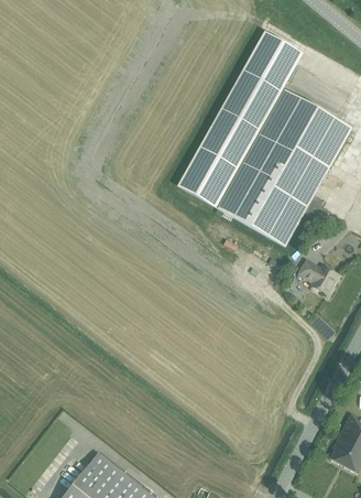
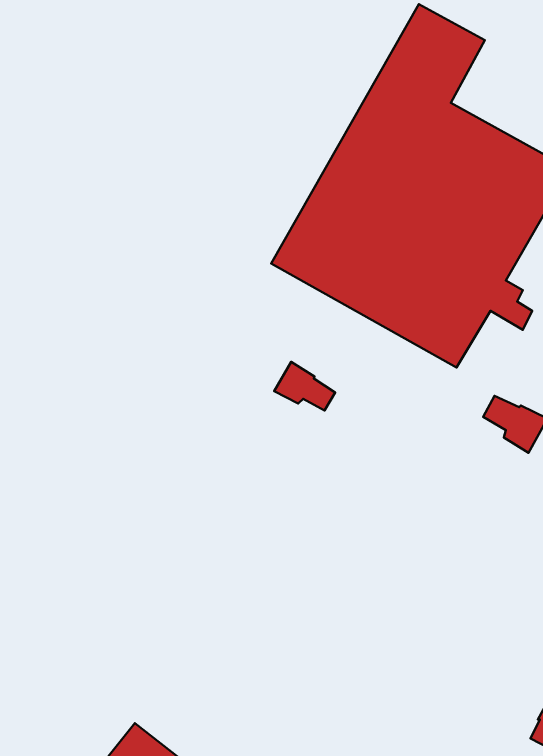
building: none -> [274,362,335,411]

